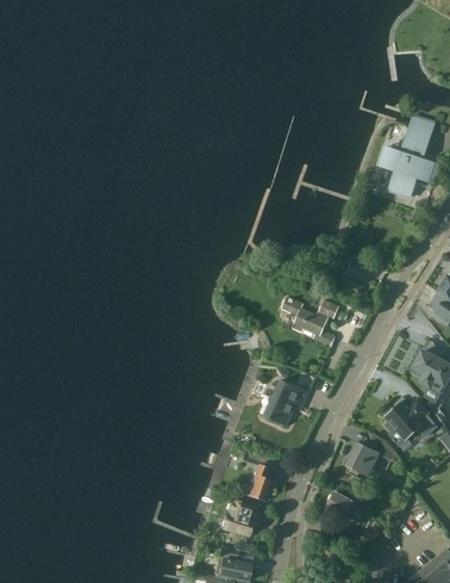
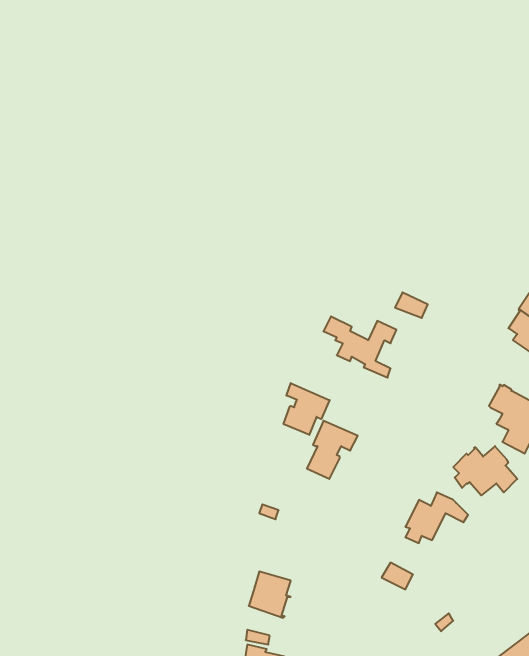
building: [383,116,436,196] -> none
building: none -> [284,383,330,435]
building: [240,464,271,500] -> none

